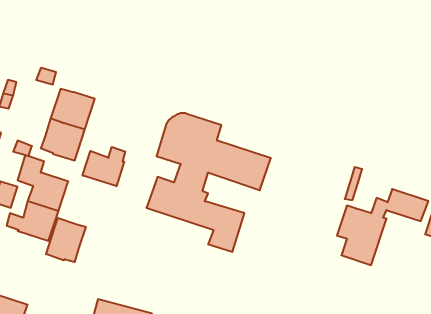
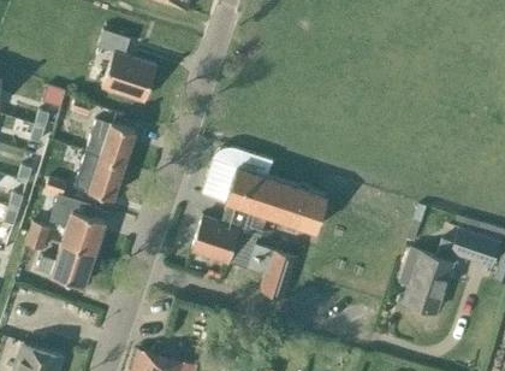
building: none -> [99,30,156,101]
building: [83,147,125,186] -> none
building: [46,218,86,262] -> none

